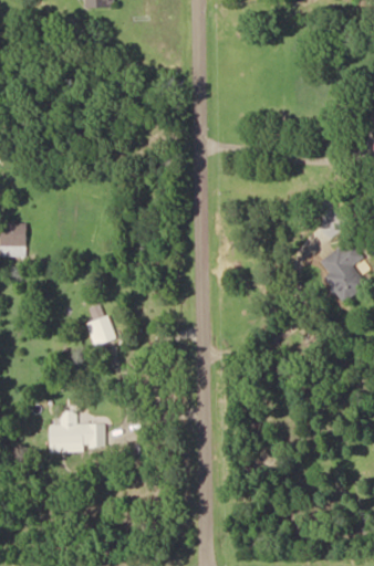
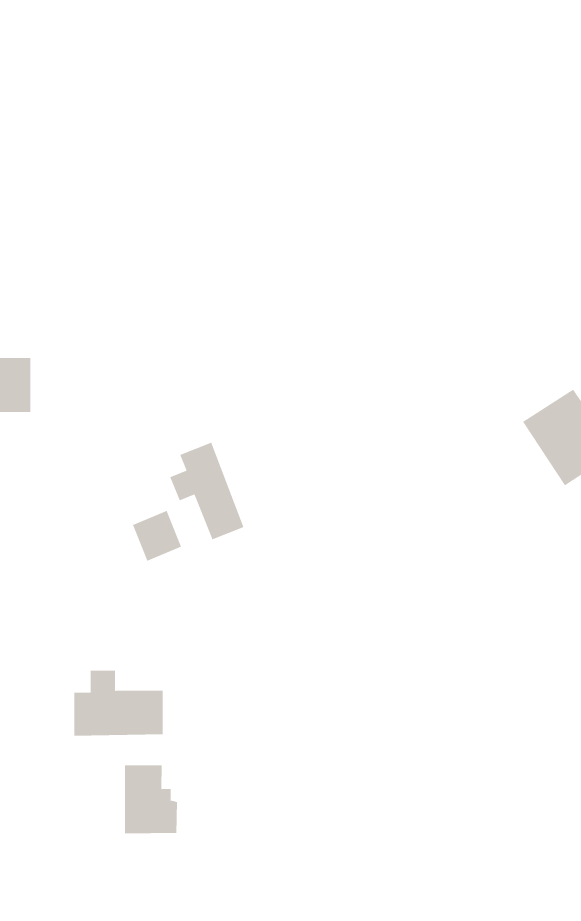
building: none -> [170,442,244,540]
building: none -> [125,765,178,834]

